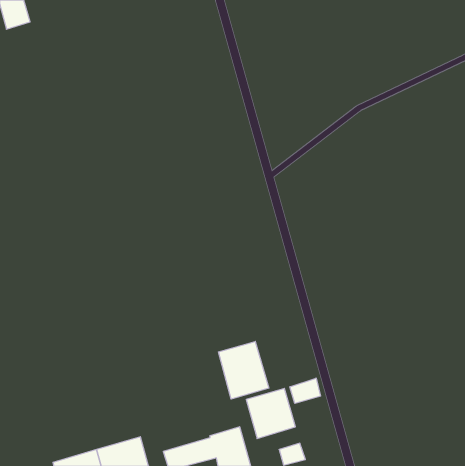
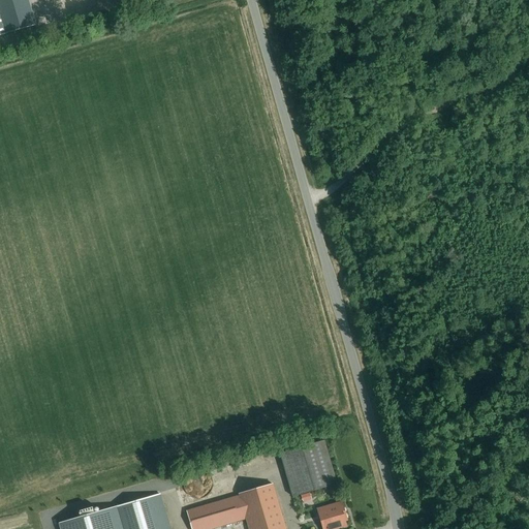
building: [218,341,269,399] -> none
building: [290,378,321,403] -> none

